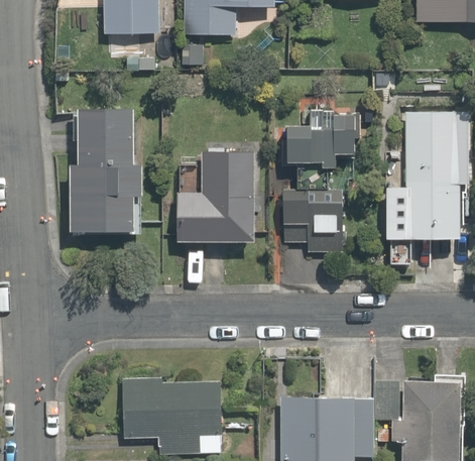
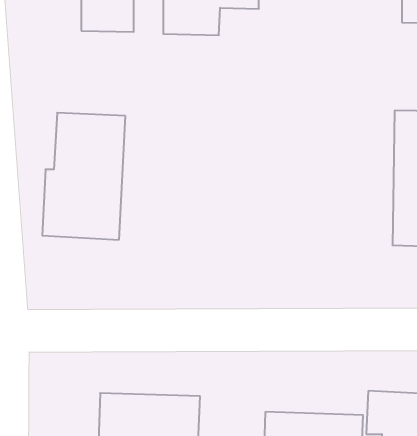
building: [284,123,354,168] -> none
building: [170,149,253,245] -> none
building: [284,191,344,253] -> none

